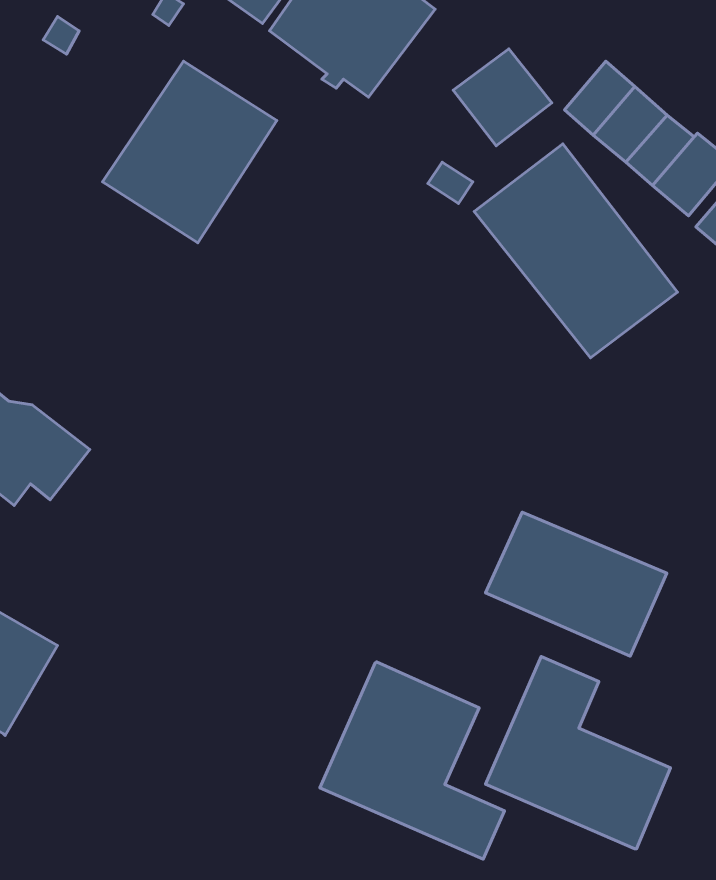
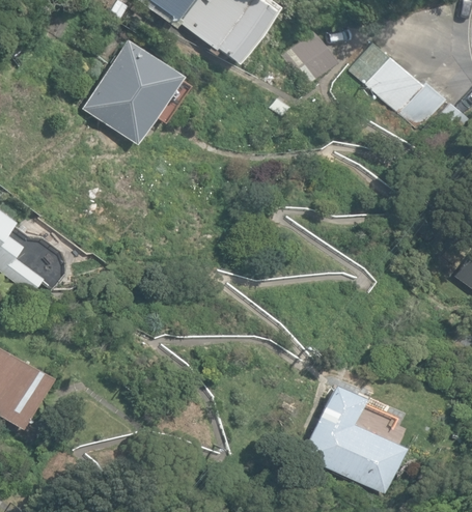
building: [474,144,678,358] -> none
building: [486,512,667,656] -> none
building: [320,662,504,859] -> none

